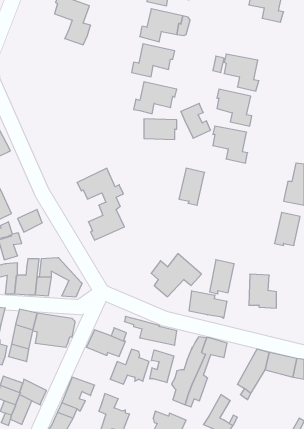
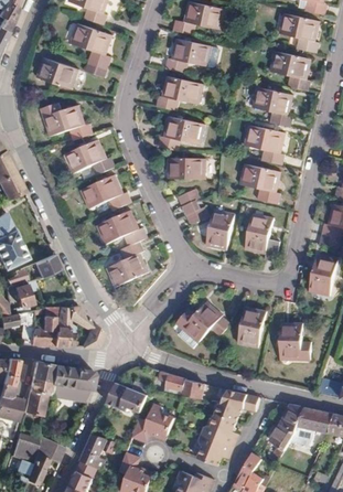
building: none -> [272,51,310,90]
building: none -> [37,58,77,88]
building: none -> [41,103,93,140]
building: none -> [65,139,115,175]
building: [181,103,211,138] -> [176,188,208,225]
building: none -> [81,174,131,210]
building: none -> [246,214,279,263]
building: [189,291,227,318] -> none
building: [150,350,174,383] -> none

